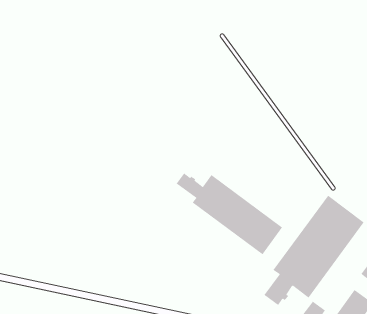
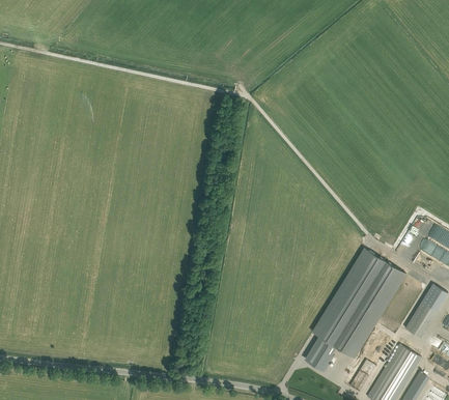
building: [176,173,283,255] -> none

